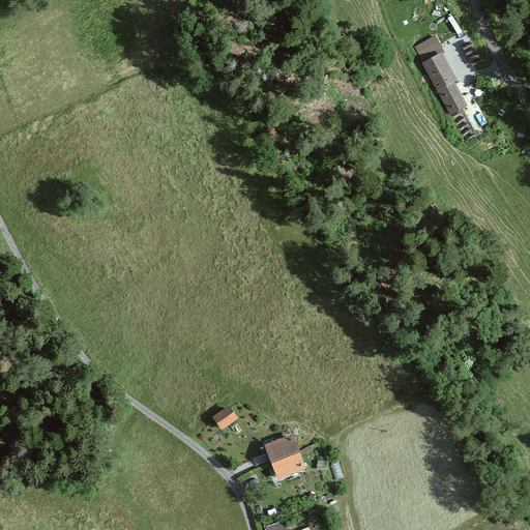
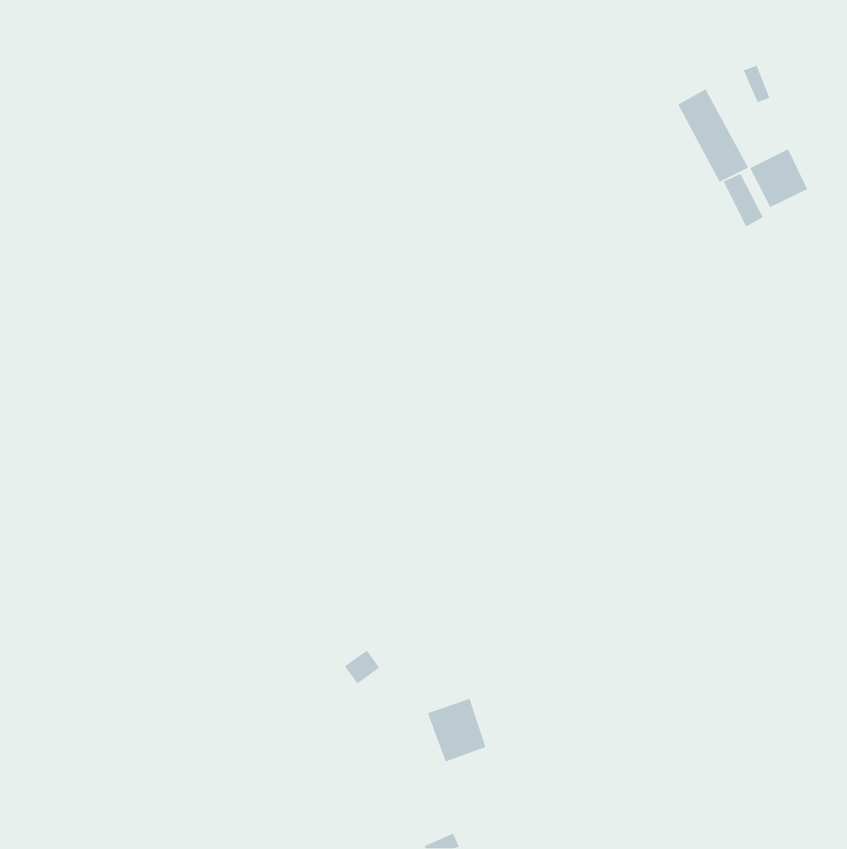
building: [414,36,444,64] -> none
building: none -> [749,148,808,208]

